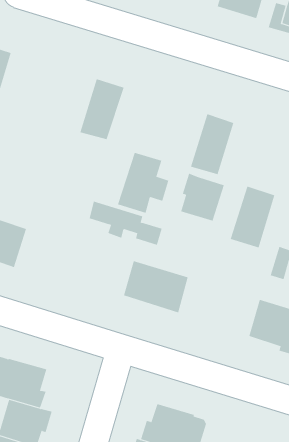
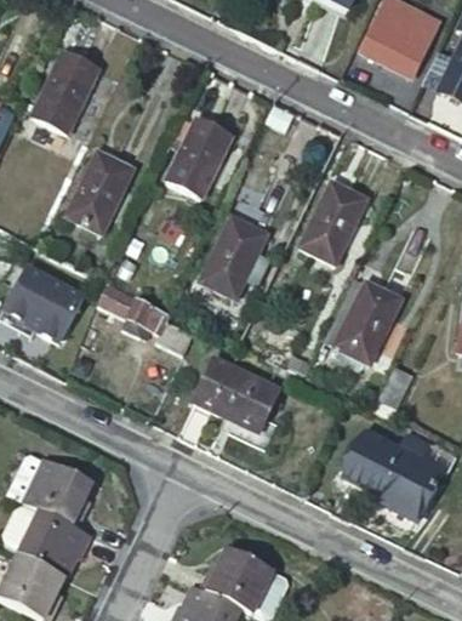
building: none -> [70,154,135,234]
building: [181,173,224,221] -> none
building: [89,201,162,246] -> [99,284,190,353]

